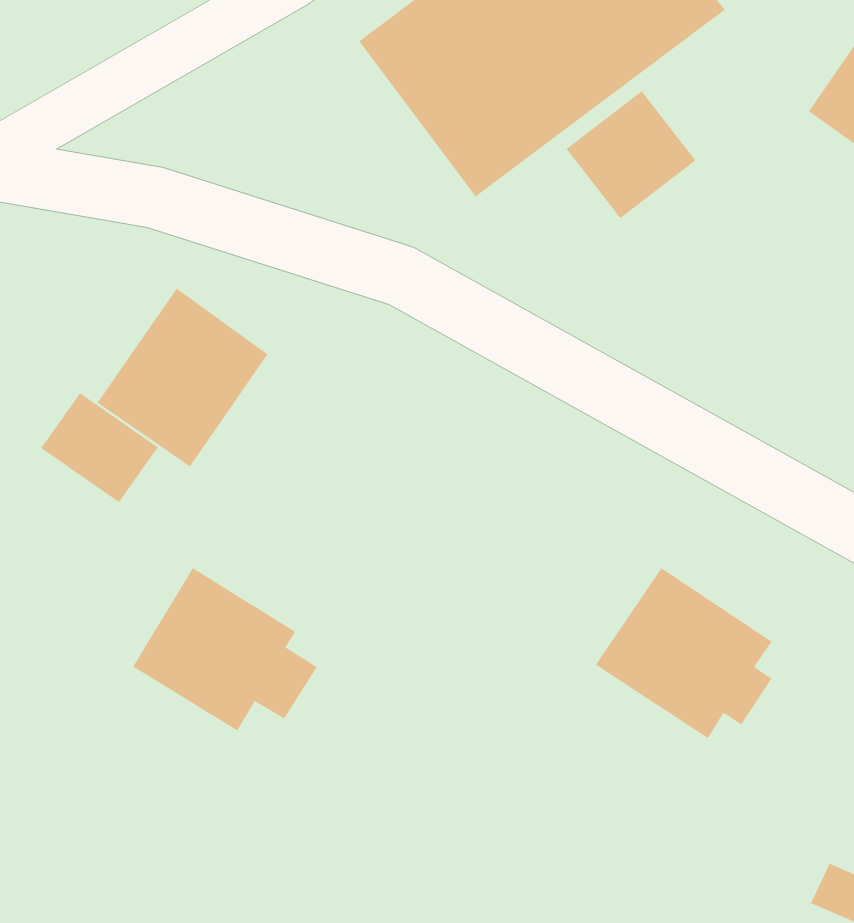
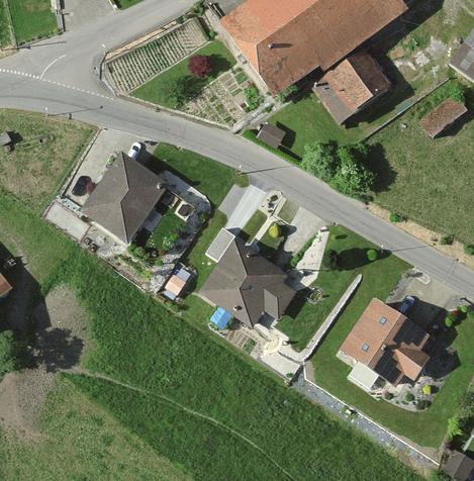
building: none -> [422,92,467,132]
building: [40,392,159,503] -> none
building: [132,567,318,731] -> [202,239,298,324]

